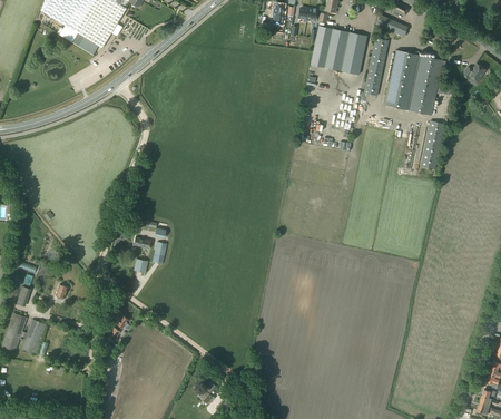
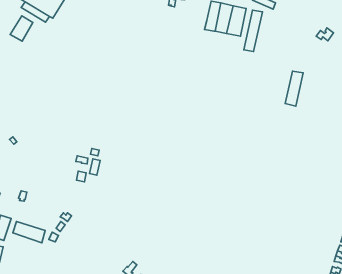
building: none -> [10,16,33,41]
building: [384,49,442,114] -> none
building: none -> [13,221,45,243]

